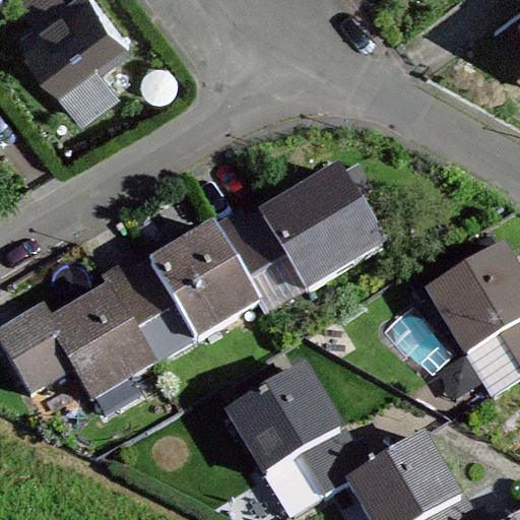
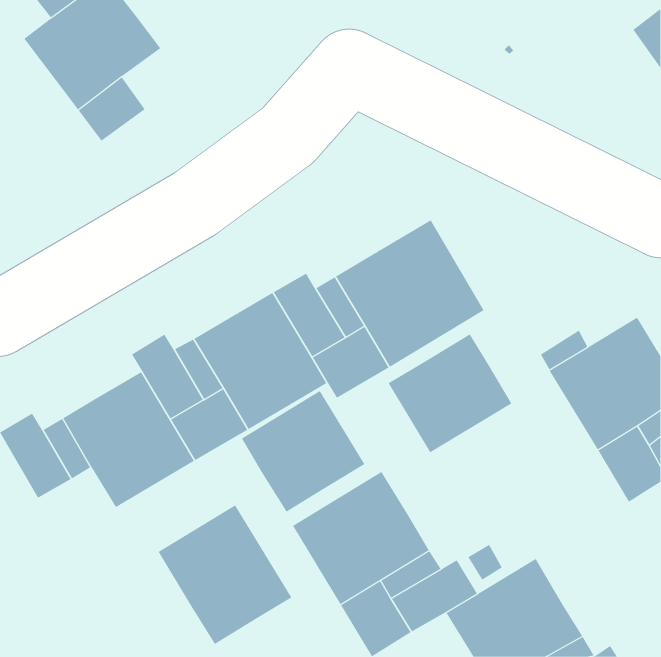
building: none -> [388,334,512,453]
building: none -> [241,390,365,512]
building: none -> [158,504,292,645]

